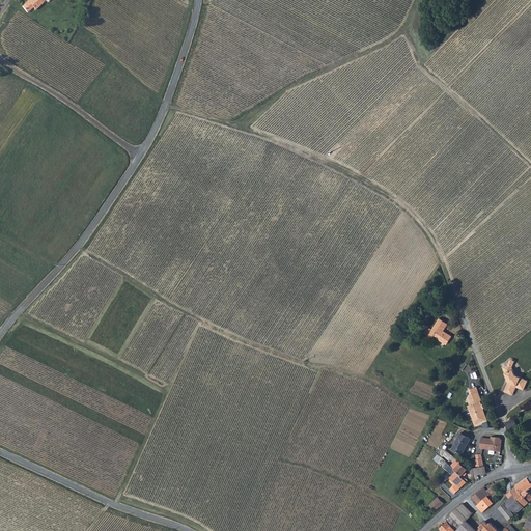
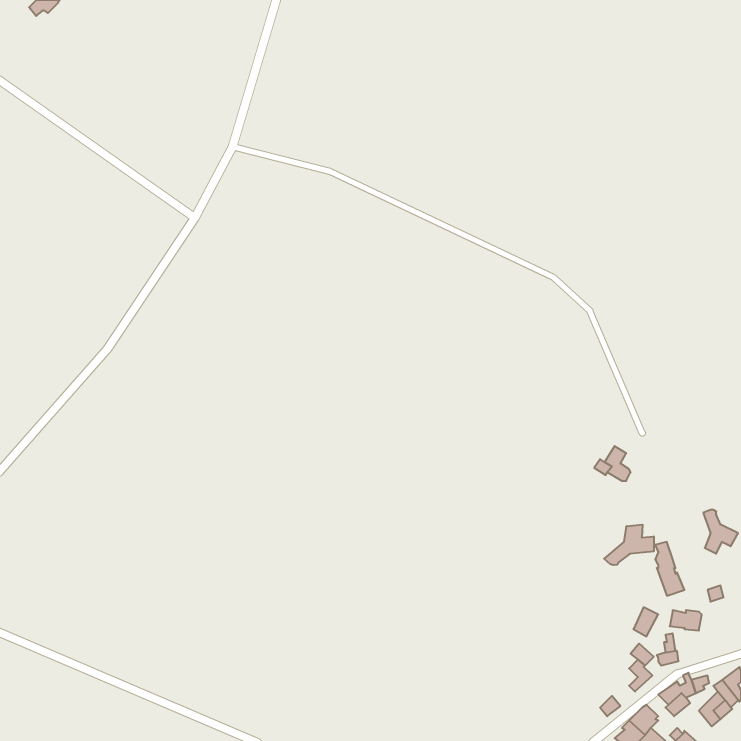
building: none -> [604,525,654,565]

